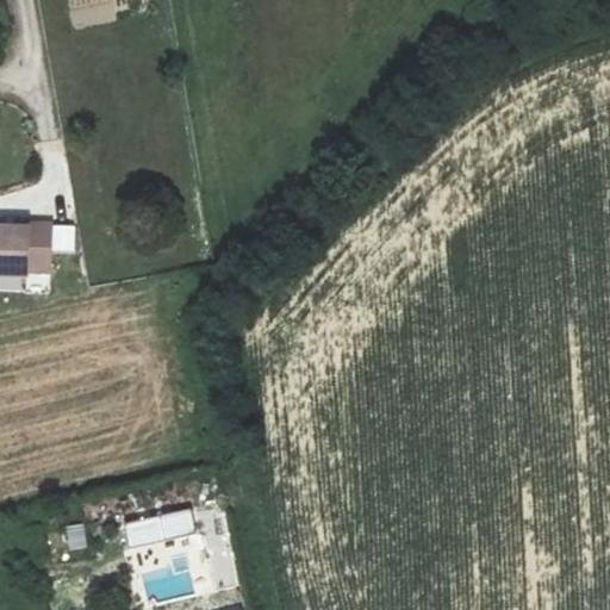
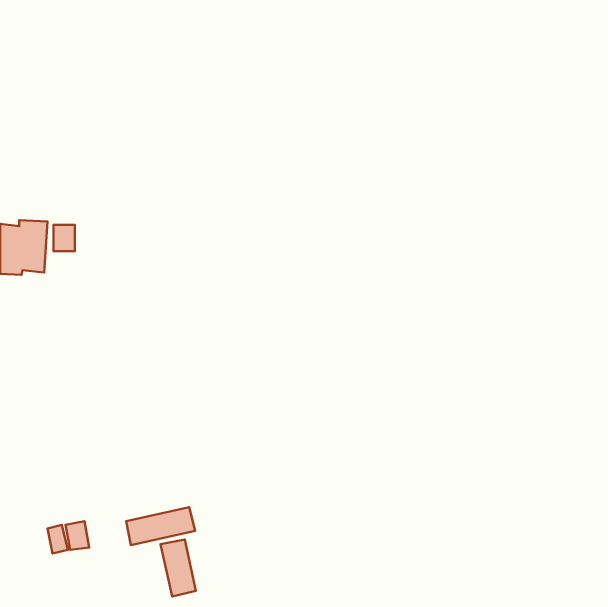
building: none -> [161,539,196,596]

